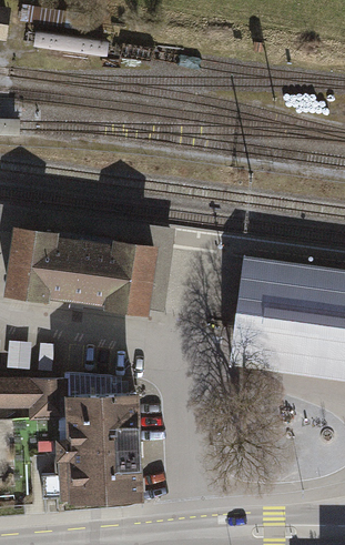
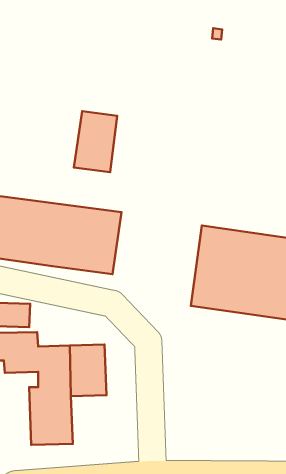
building: none -> [74,111,117,172]
building: [100,447,140,501] -> none

